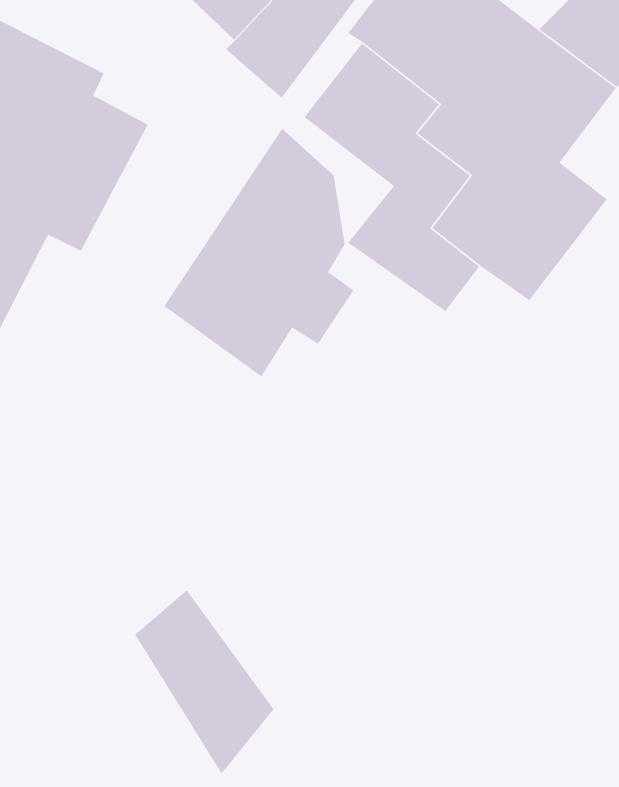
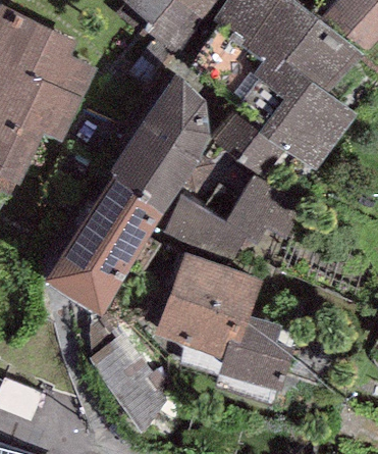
building: none -> [162,174,305,259]
building: none -> [46,175,163,315]
building: none -> [155,252,295,391]

